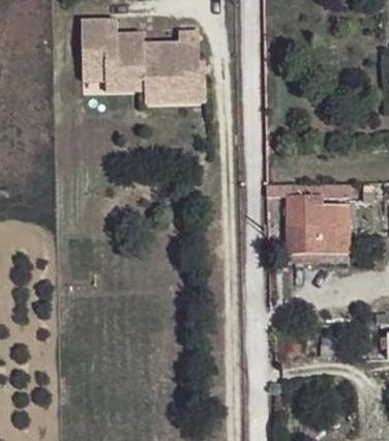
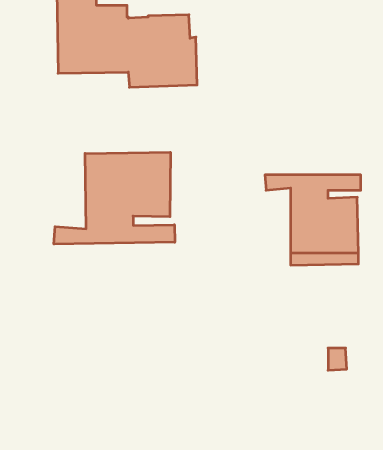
building: none -> [54,152,175,244]

